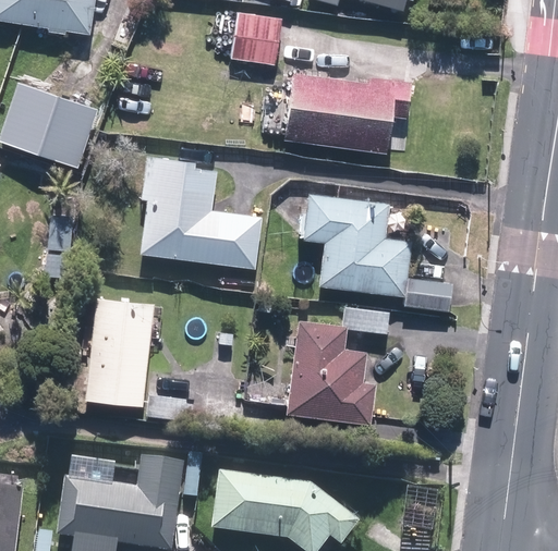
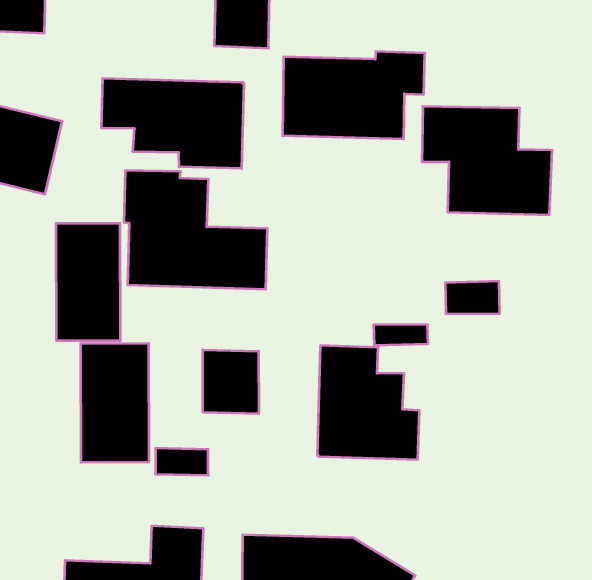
building: none -> [102,78,244,169]
building: [301,193,412,295] -> [422,106,552,215]
building: none -> [56,223,120,341]
building: none -> [203,350,259,414]

